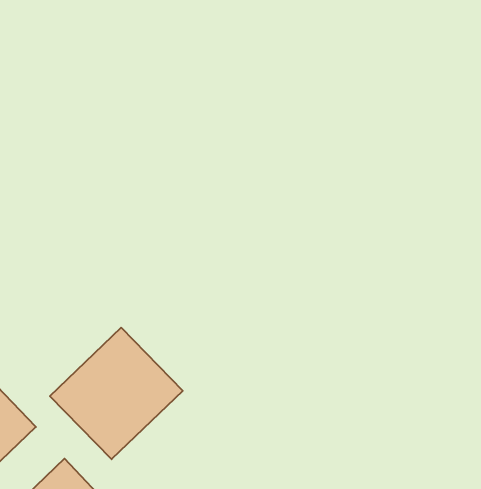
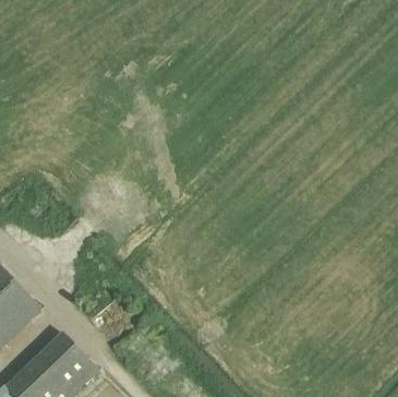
building: [50,328,183,459] -> none

